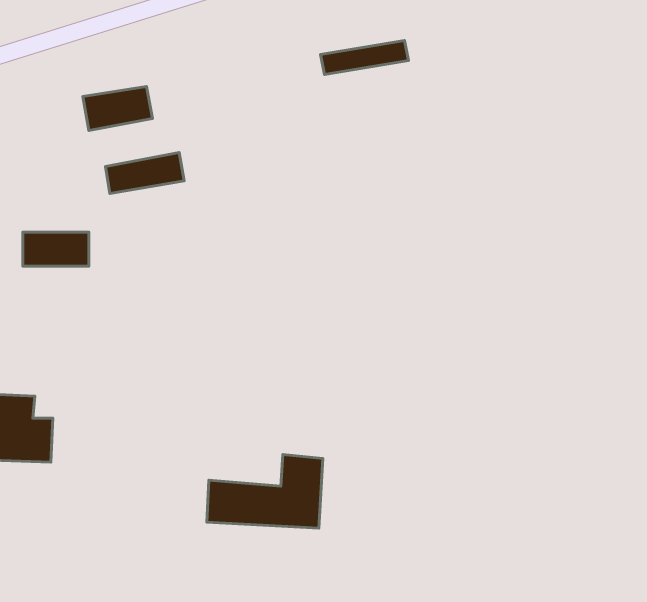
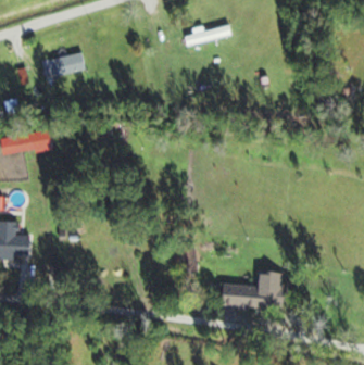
building: [106,152,184,193] -> none
building: [207,454,323,528] -> [219,269,283,310]

